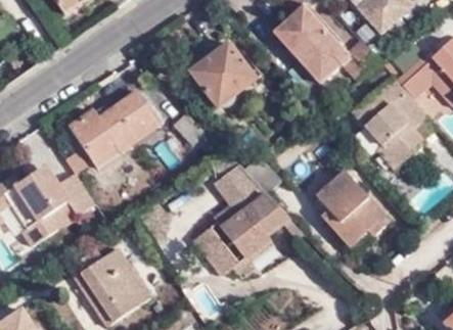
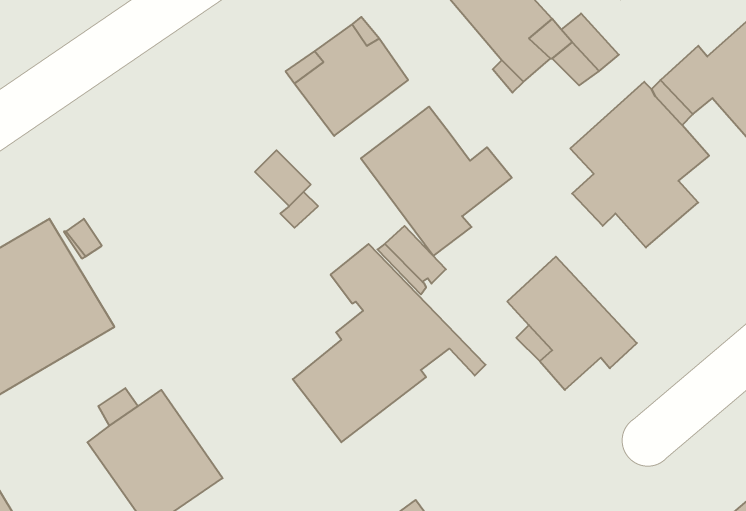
building: none -> [361,107,512,256]
building: [66,92,158,169] -> none

